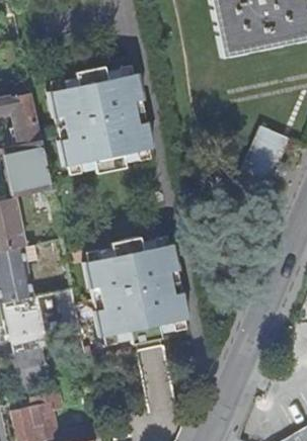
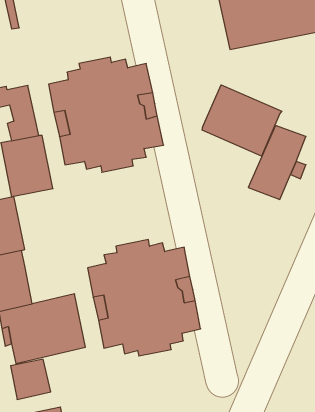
building: none -> [202,85,282,156]

